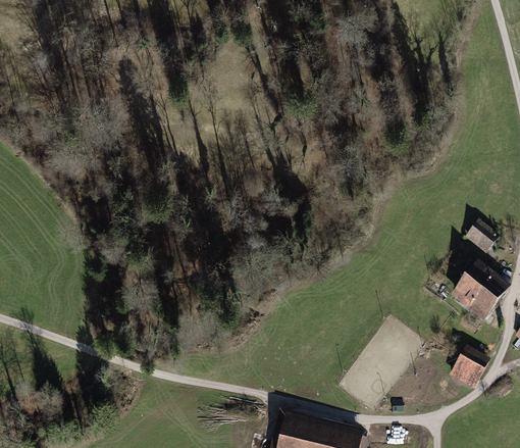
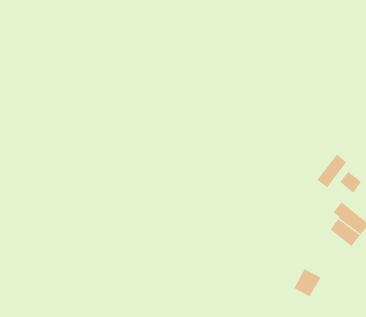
building: none -> [316,154,347,188]
building: [450,351,484,387] -> [294,268,321,297]

